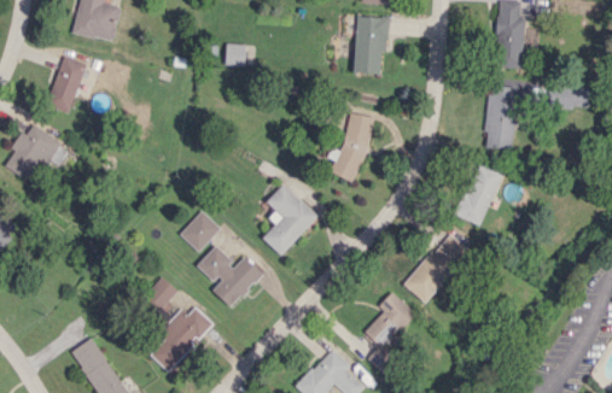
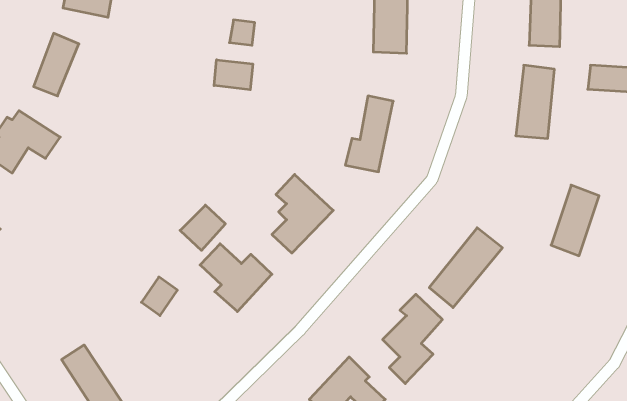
building: none -> [214,60,253,90]
building: [457,162,501,225] -> [551,185,599,256]
building: [150,306,212,371] -> none

